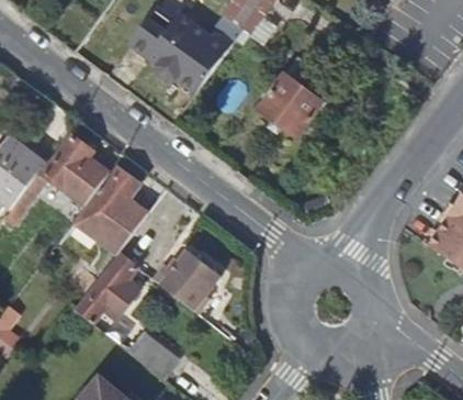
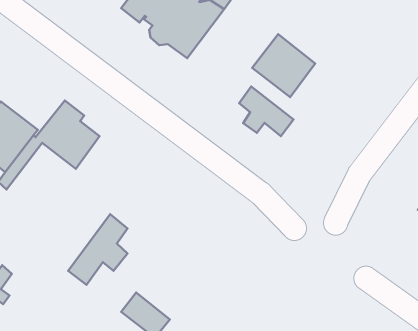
building: none -> [239,87,294,136]
building: [78,167,147,251] -> none
building: [153,248,221,311] -> none

